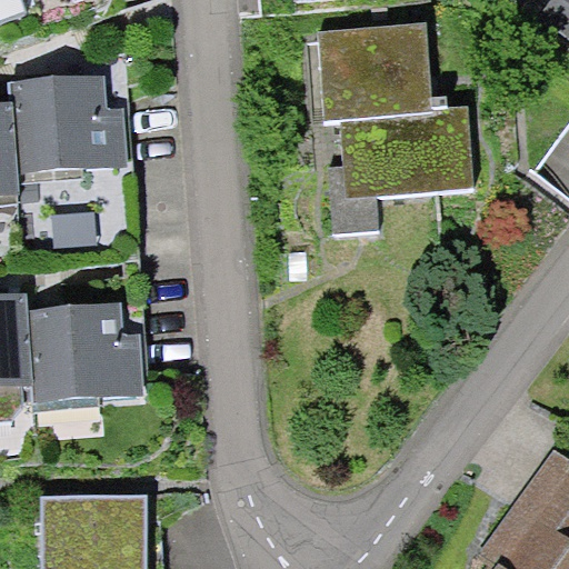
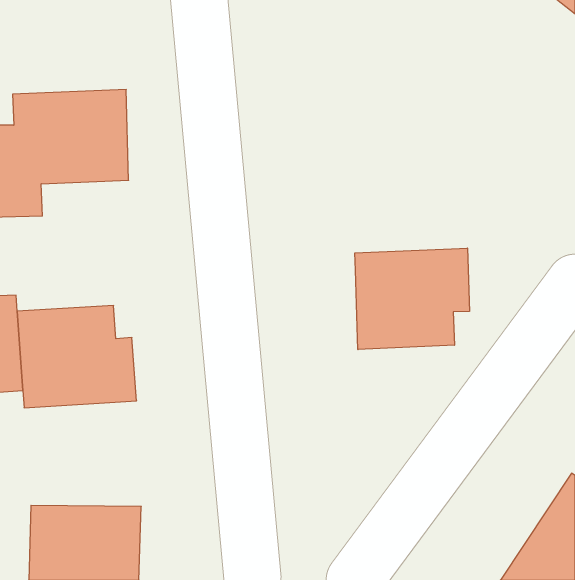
building: [328,39,482,211] -> none
building: none -> [355,248,469,350]

